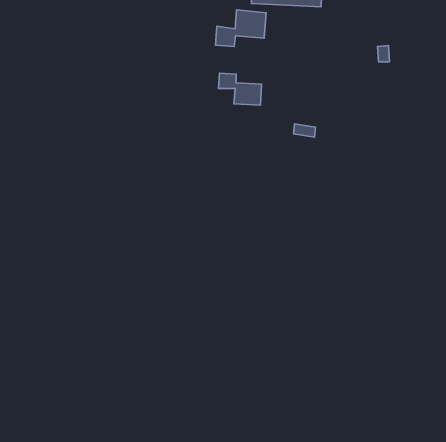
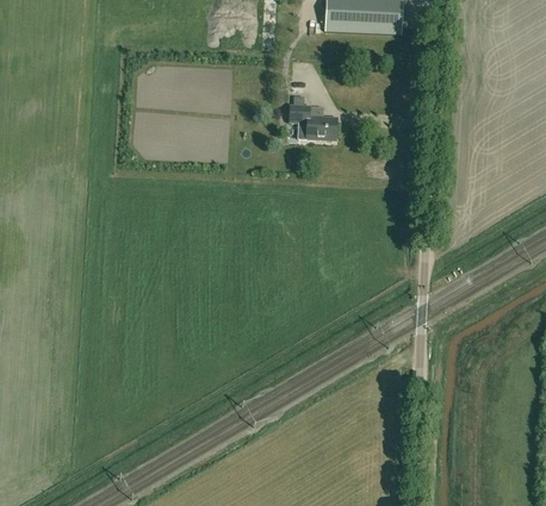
building: [216,10,266,46] -> none

